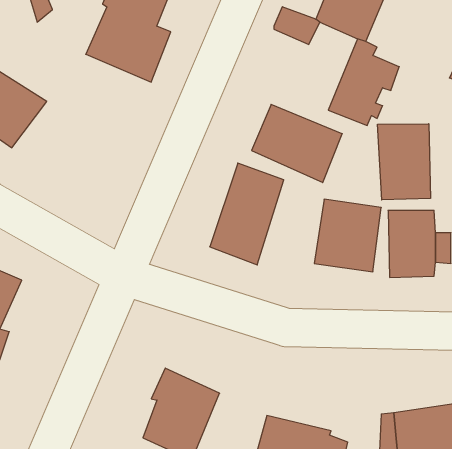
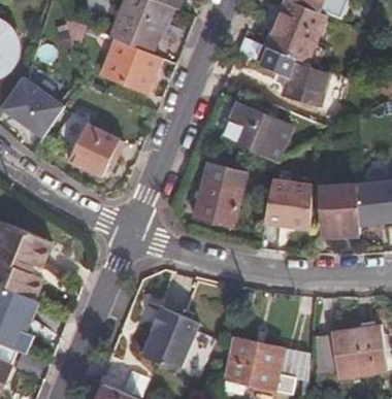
building: [378,124,430,200] -> none
building: none -> [71,124,126,180]

